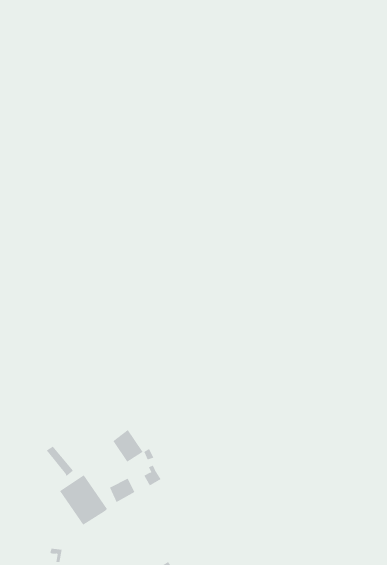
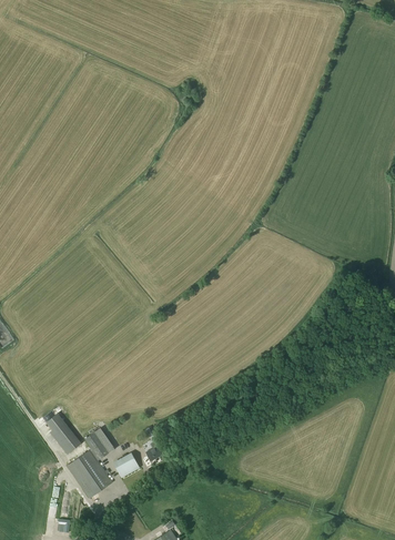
building: [113,429,144,462] -> [84,428,113,459]

